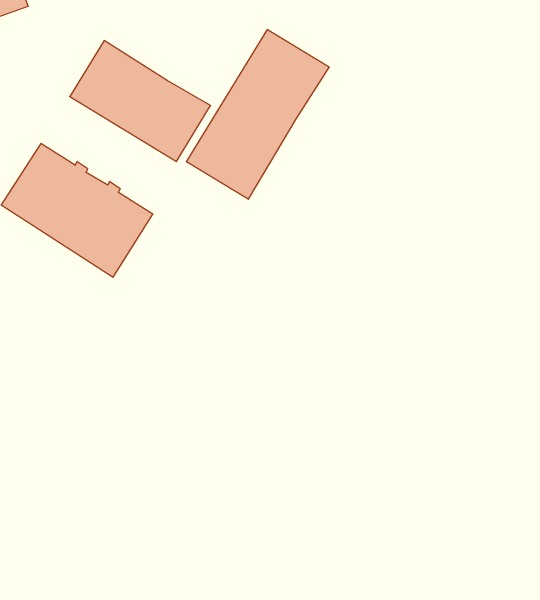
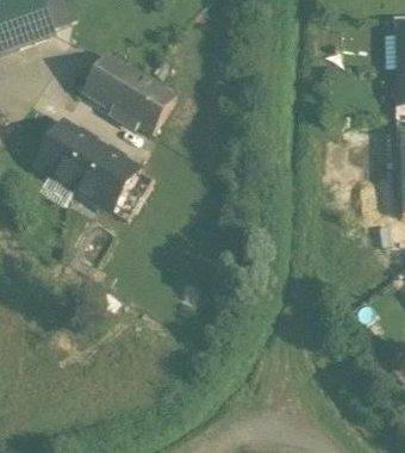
building: [187,29,329,199] -> none

